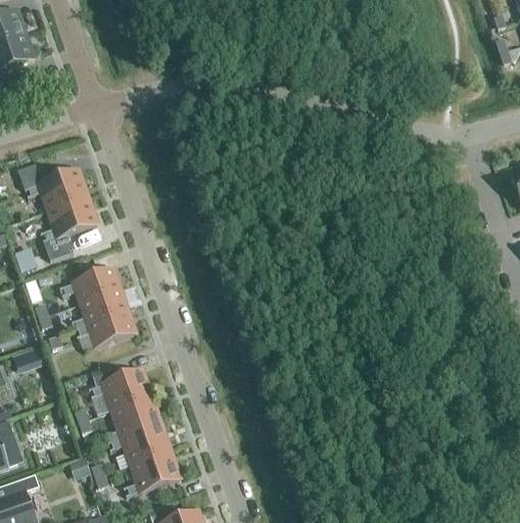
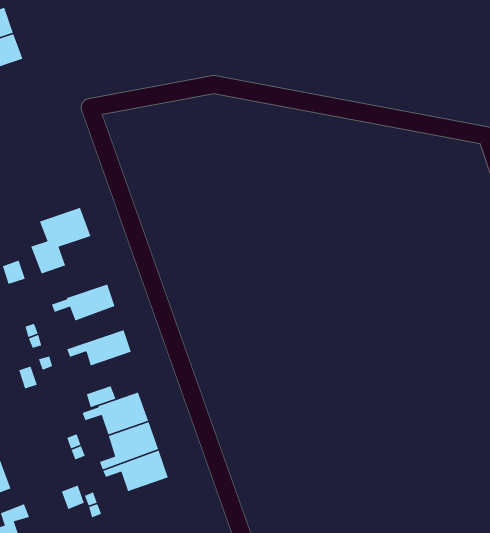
building: [18,162,87,210] -> none
building: [72,290,128,330] -> none
building: [123,450,180,496] -> none

